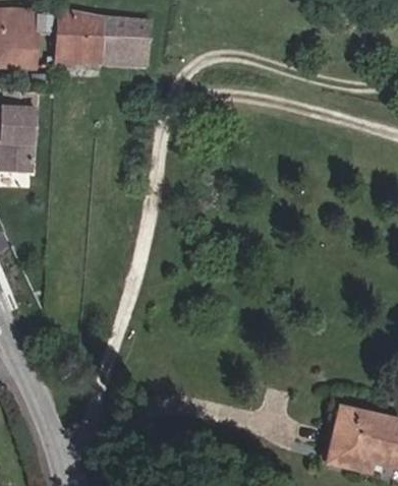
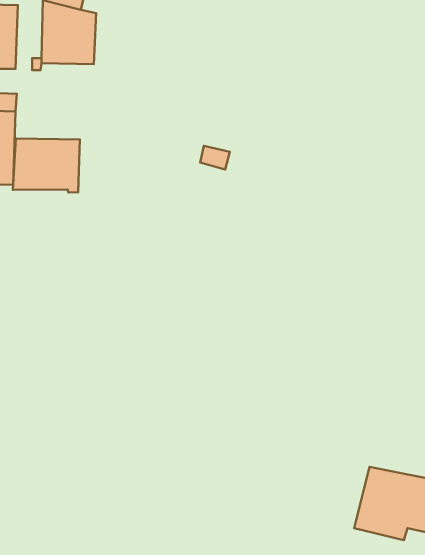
building: [102,19,148,64] -> none
building: none -> [13,138,80,193]

